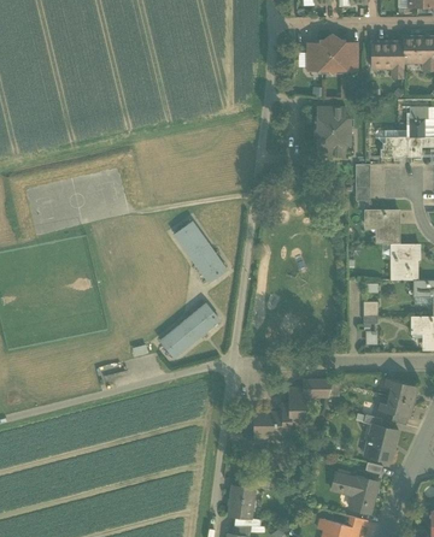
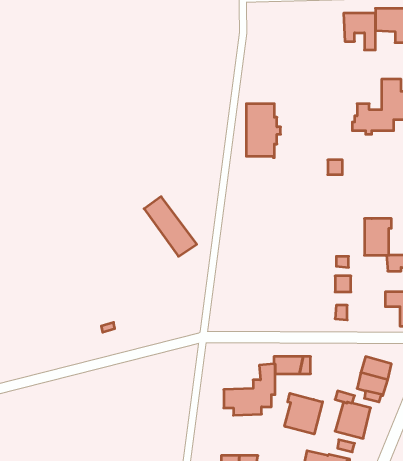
building: [305,37,358,71] -> none
building: [317,106,351,159] -> [246,104,281,158]
building: [364,211,399,244] -> none
building: [159,305,219,359] -> none
building: none -> [285,393,323,434]

